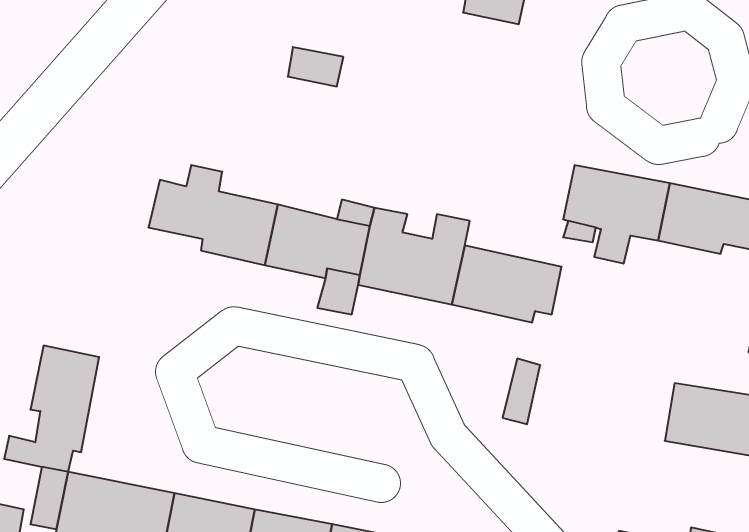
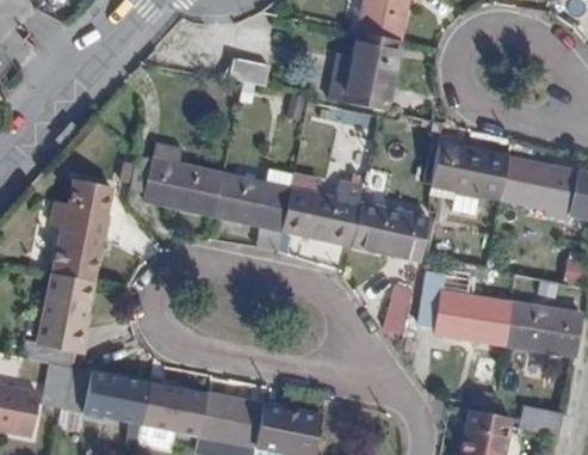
building: none -> [329,32,398,110]
building: none -> [50,185,111,283]
building: none -> [435,290,512,344]

